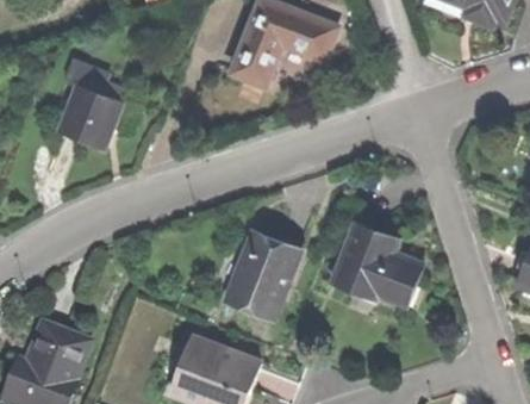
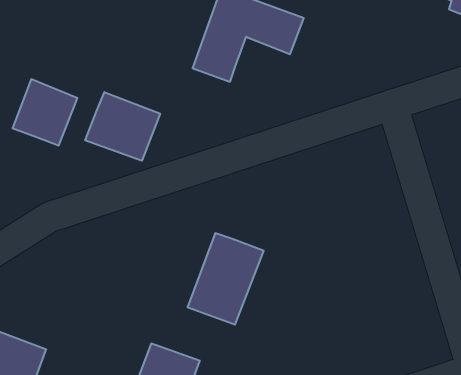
building: none -> [85,92,160,161]
building: [333,220,419,297] -> none

